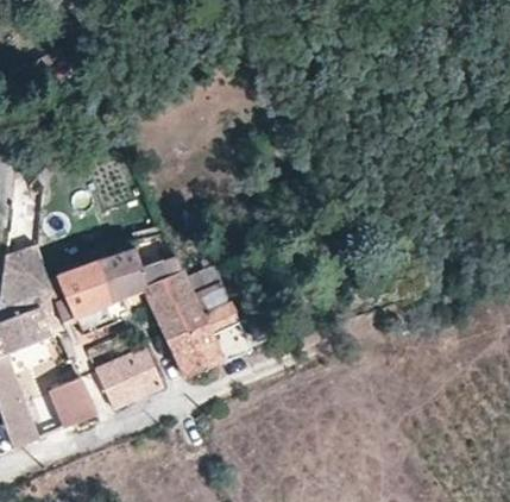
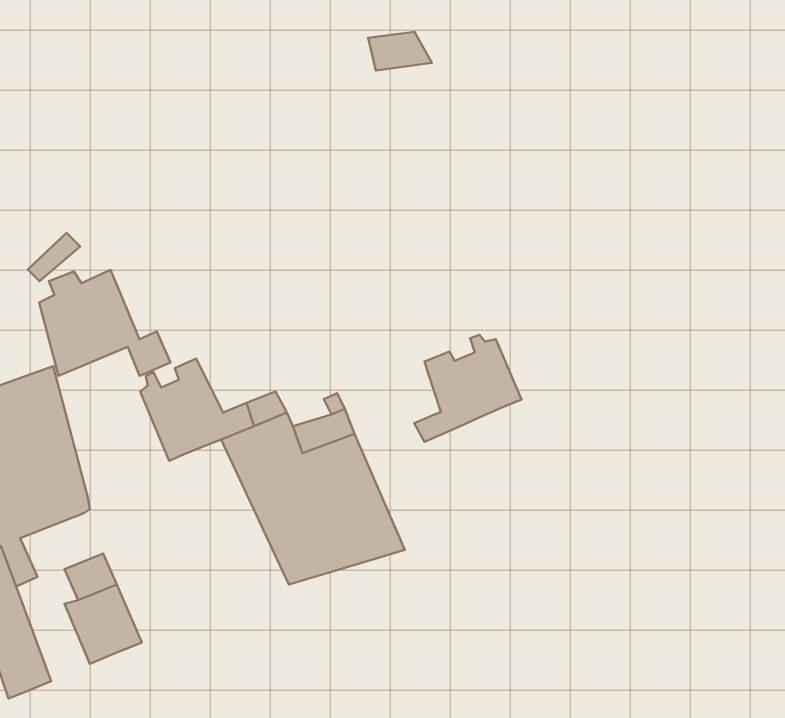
building: none -> [414,335,521,442]
building: [49,259,130,325] -> [39,270,171,376]
building: [94,350,162,406] -> none

